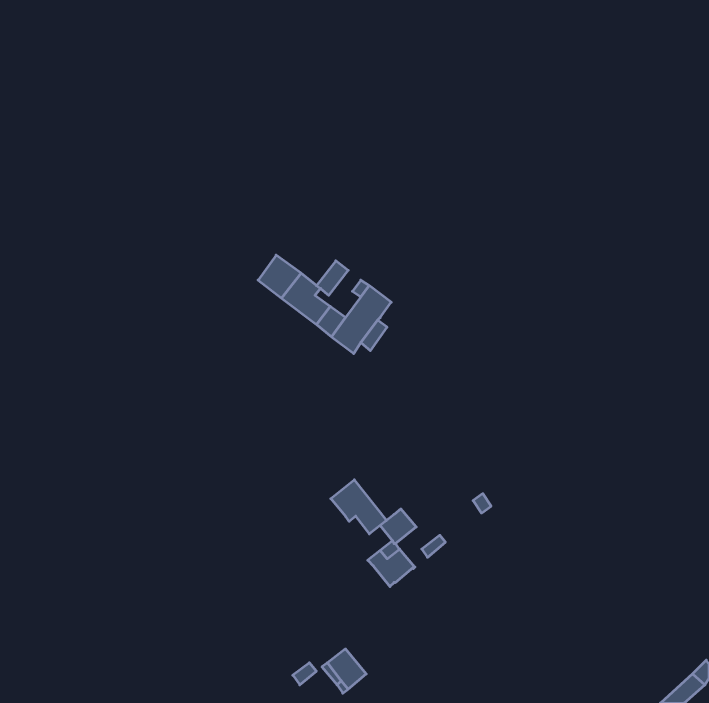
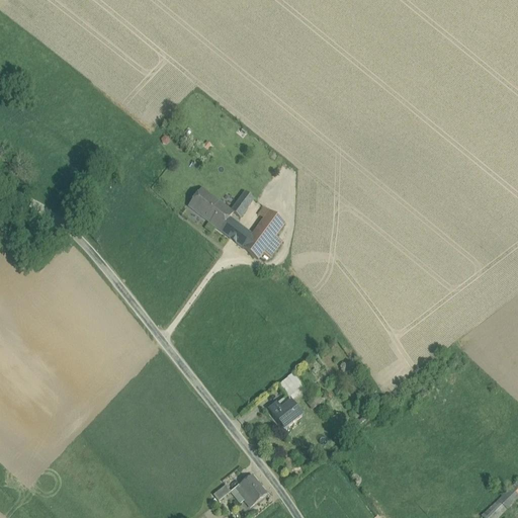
building: [331,480,386,534] -> none

